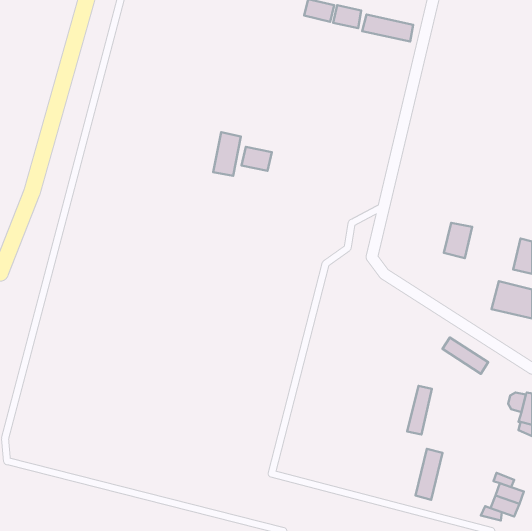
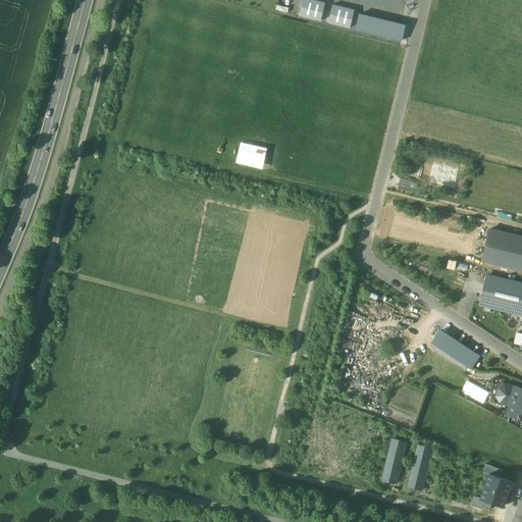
building: [213,132,241,176] -> none
building: [444,223,472,258] -> [482,229,510,264]
building: [407,386,432,435] -> [381,433,406,481]

